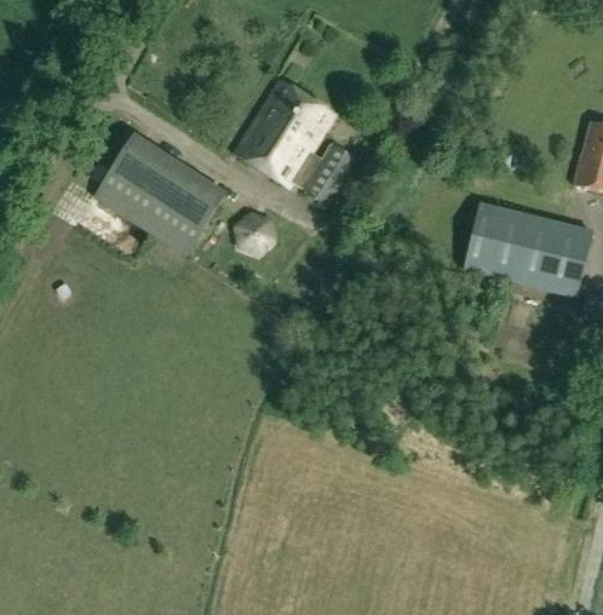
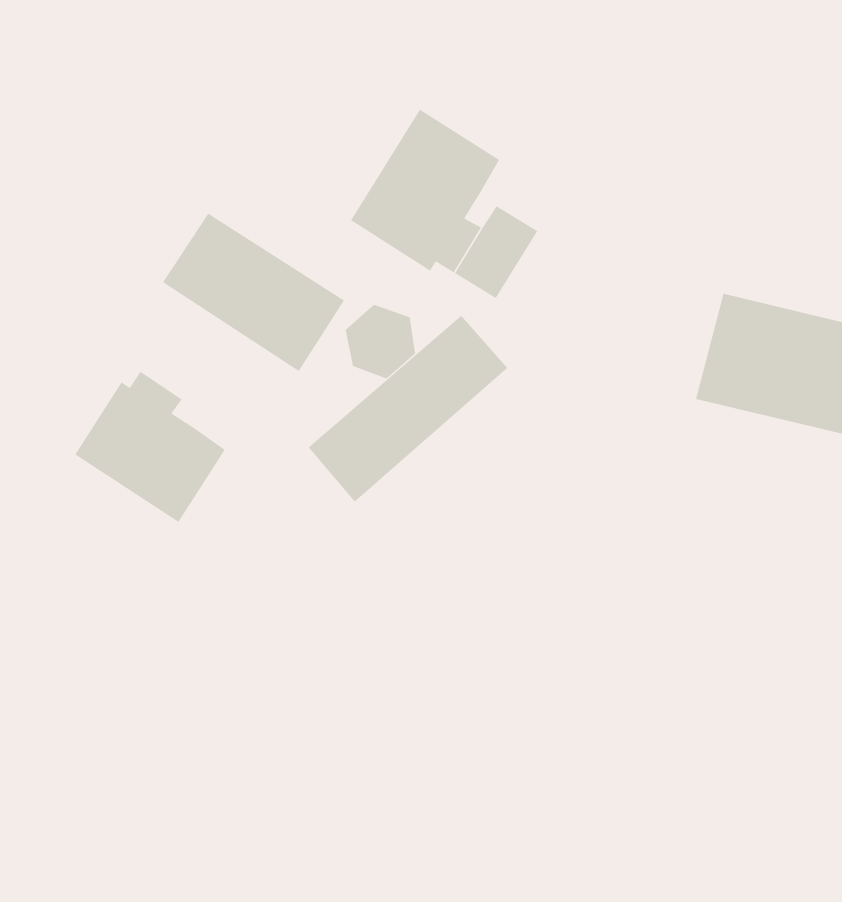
building: none -> [308,315,508,502]
building: none -> [74,371,225,523]

